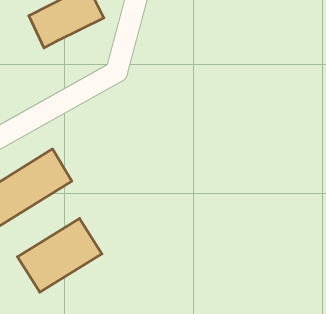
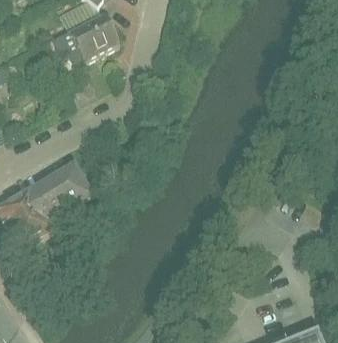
building: [17,218,102,292] -> none

